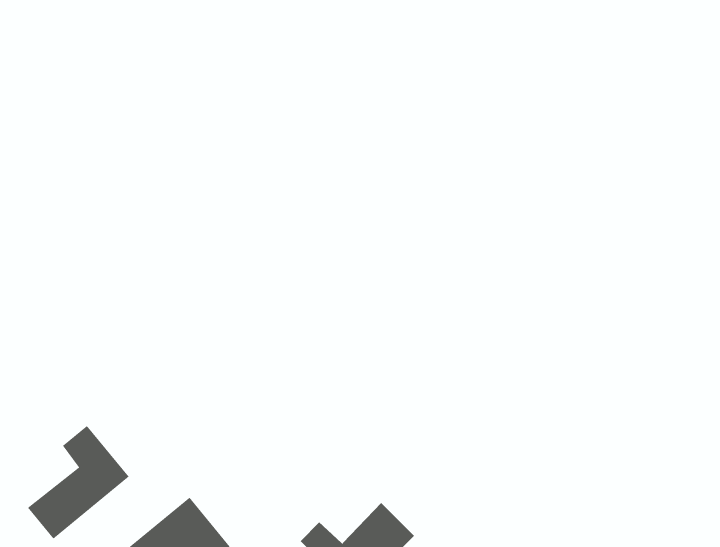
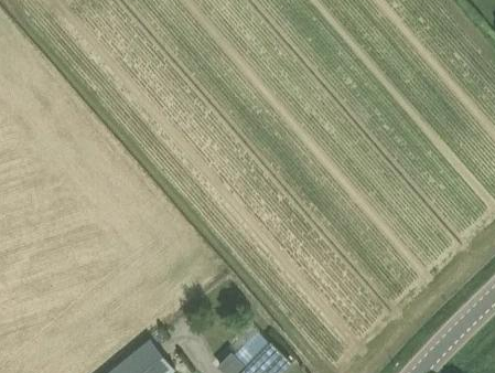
building: [27,425,129,539] -> none

